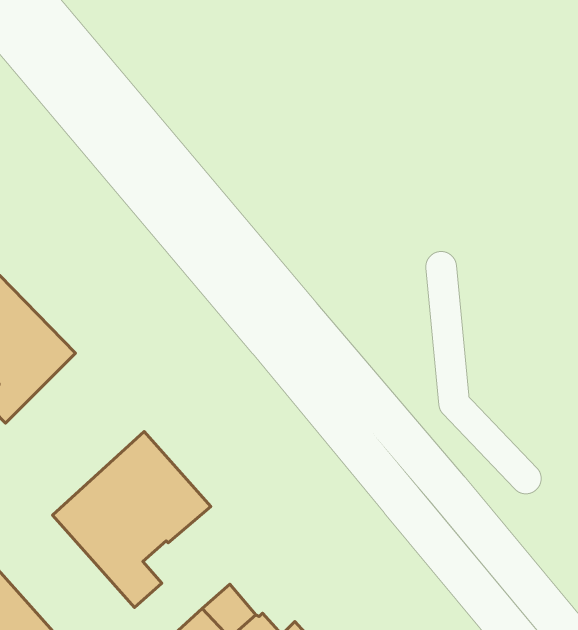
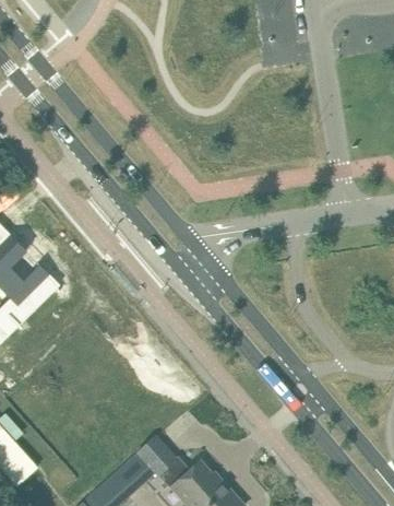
building: [52,432,211,607] -> none

